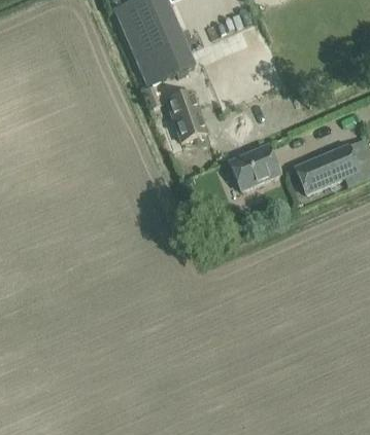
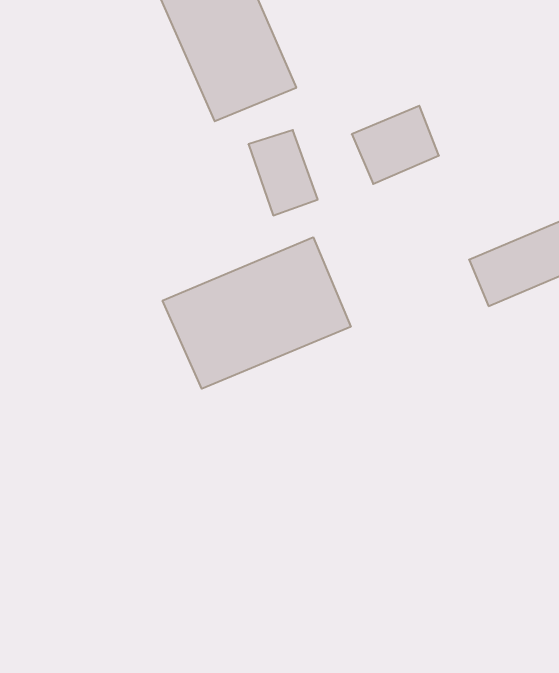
building: [230,144,280,189] -> [352,106,439,184]
building: none -> [163,237,351,389]

